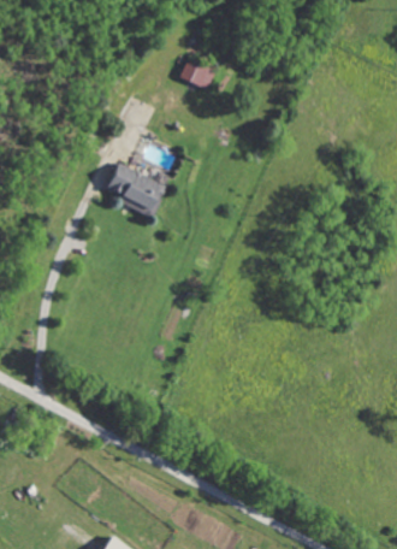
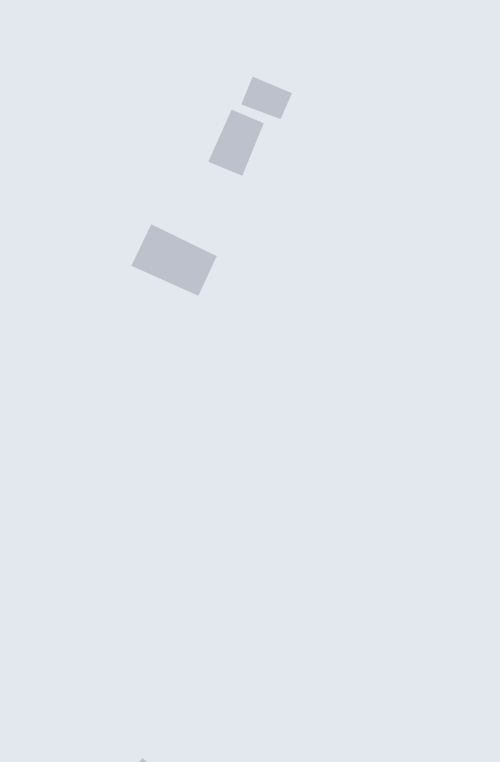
building: none -> [207,108,265,177]

